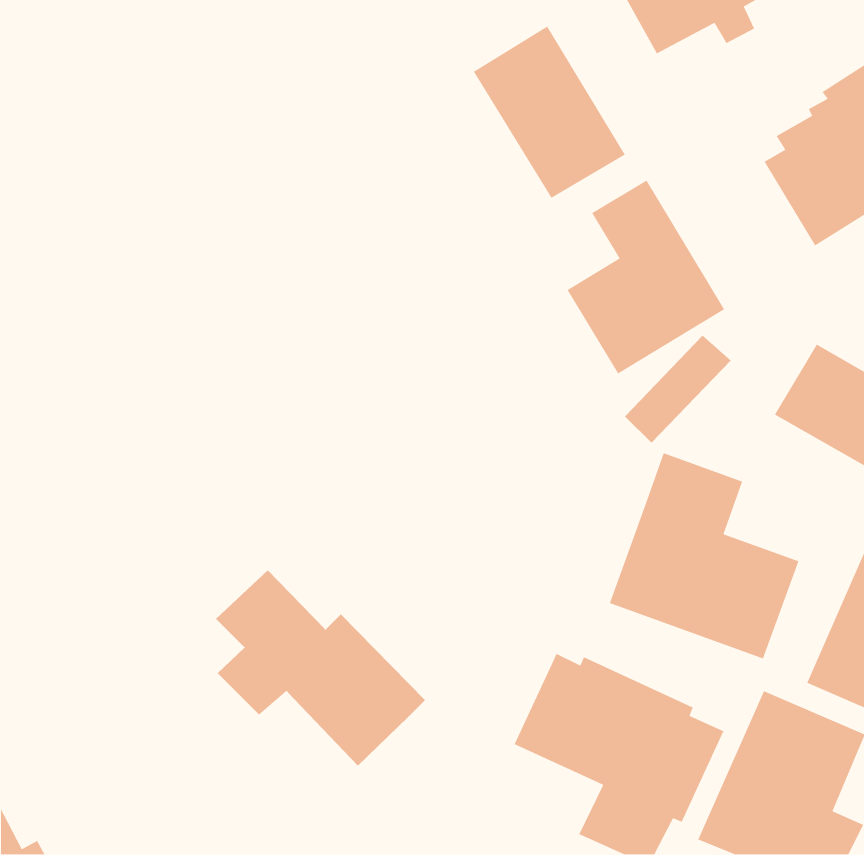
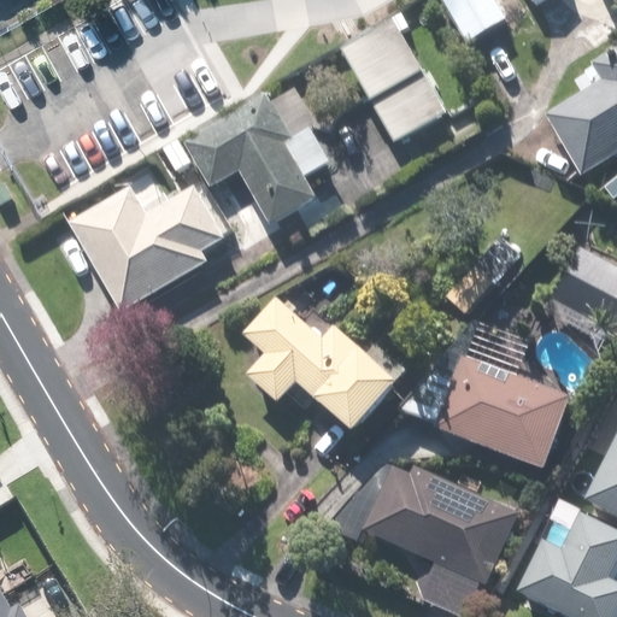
building: none -> [168,77,331,227]
building: [566,179,725,375] -> none
building: none -> [71,170,225,311]
building: [215,569,426,767] -> [245,298,394,437]

